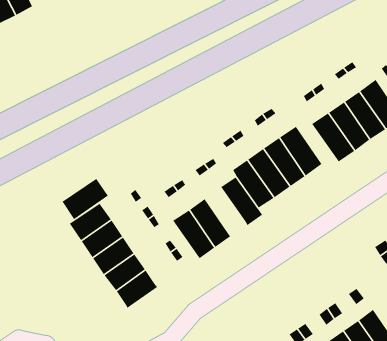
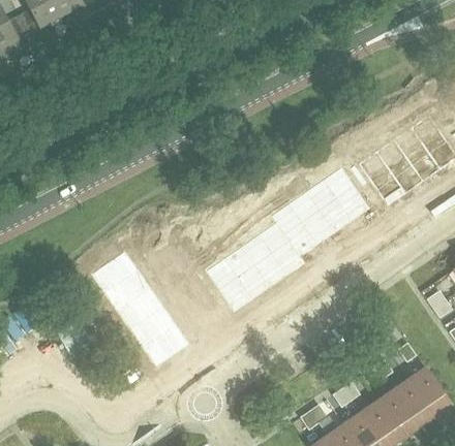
building: [62,178,109,220] -> none
building: none -> [241,231,287,286]

